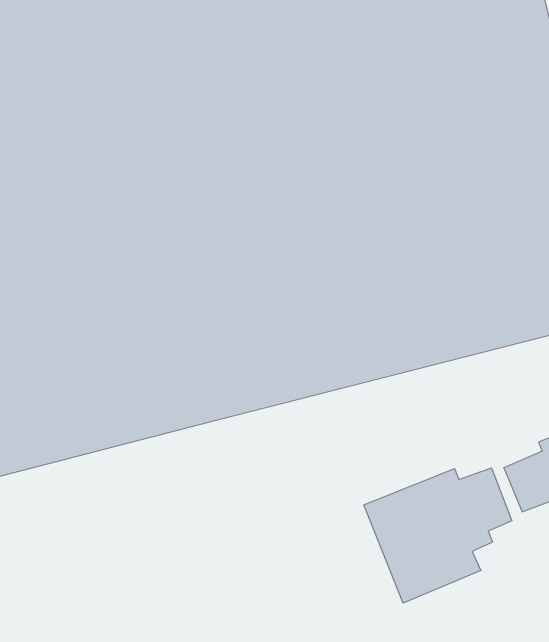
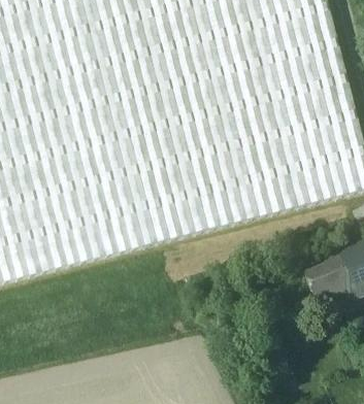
building: [364,468,512,603] -> none

